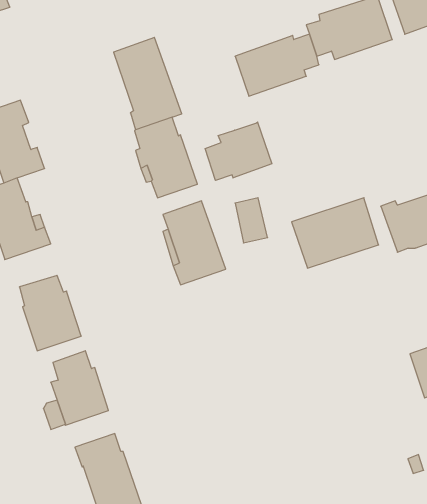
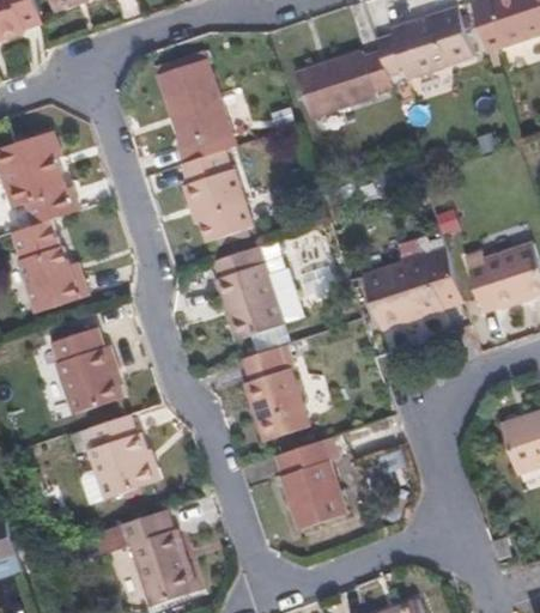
building: [205,122,272,180] -> none
building: none -> [243,348,311,443]
building: none -> [278,433,347,527]

